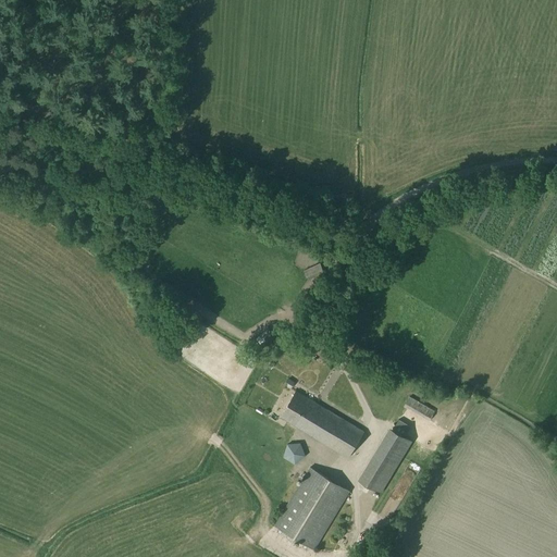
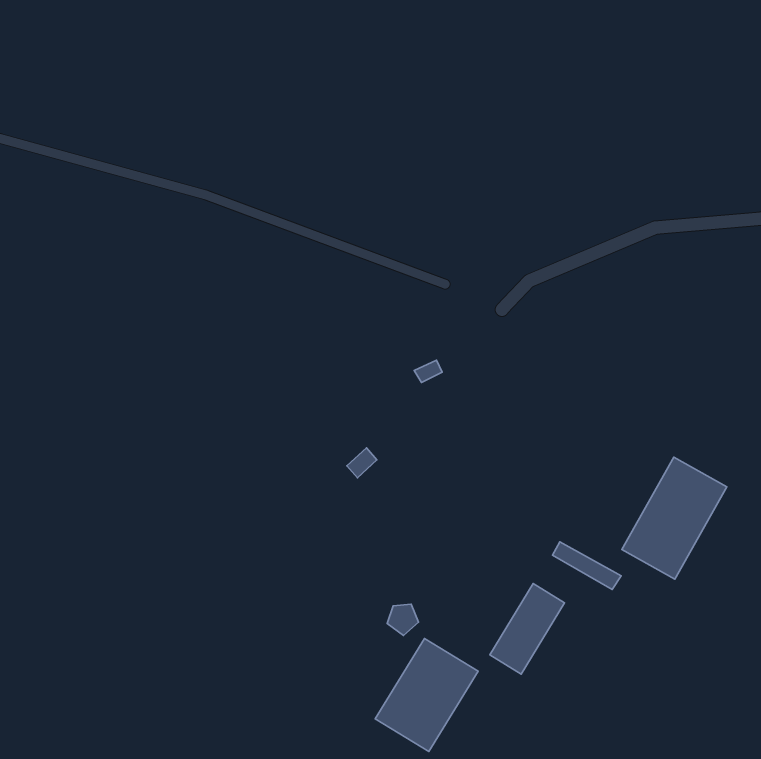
building: none -> [622,457,727,579]
building: [281,391,363,458] -> none

